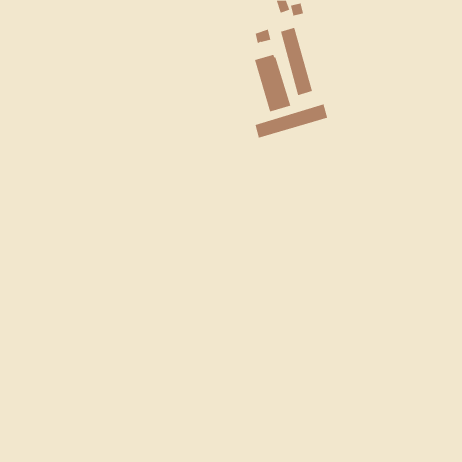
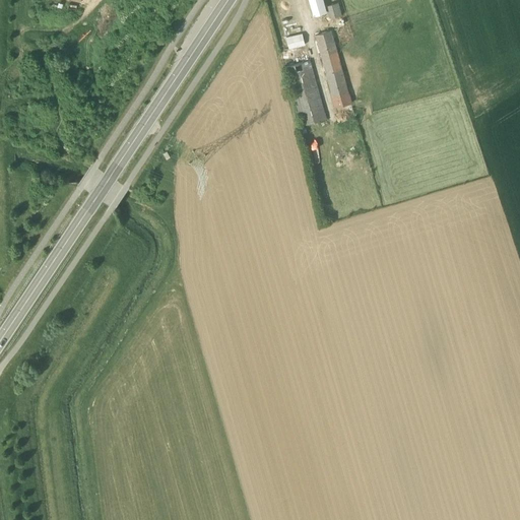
building: [255,103,328,139] -> none

